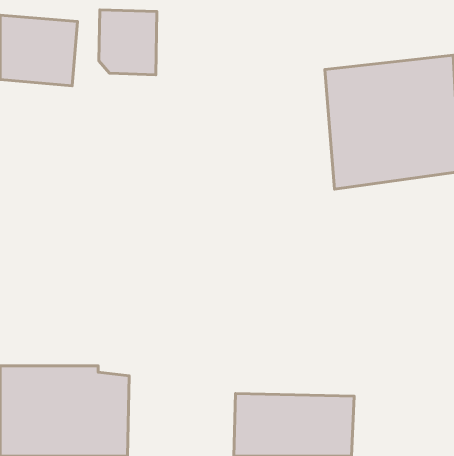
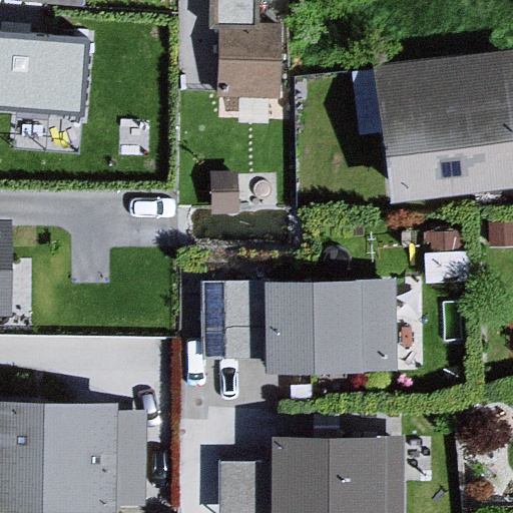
building: [99,10,157,75] -> [216,34,282,107]
building: none -> [201,275,395,365]

